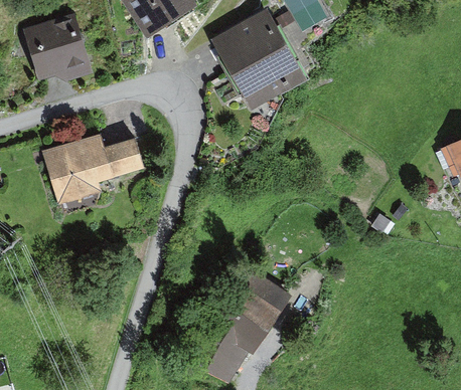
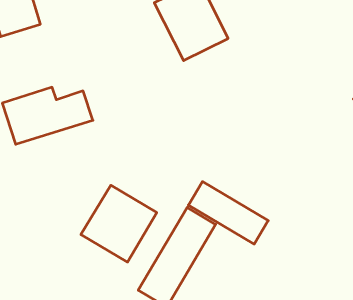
building: none -> [188,182,268,244]
building: none -> [81,185,157,262]

